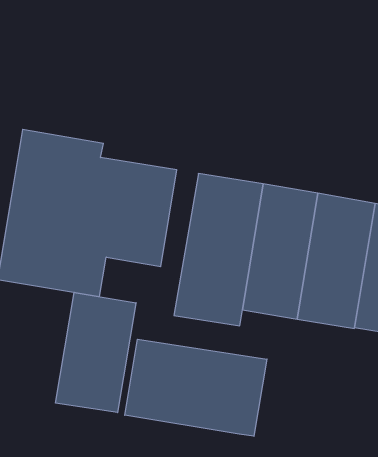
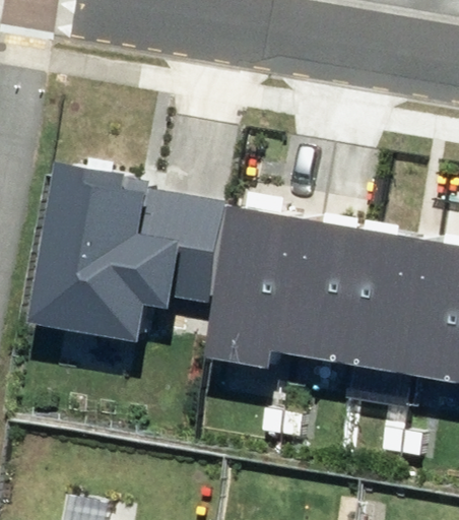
building: [56,292,136,413] -> none
building: [125,339,267,436] -> none

